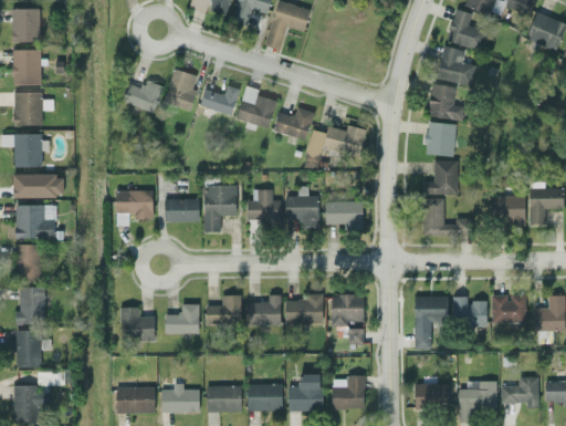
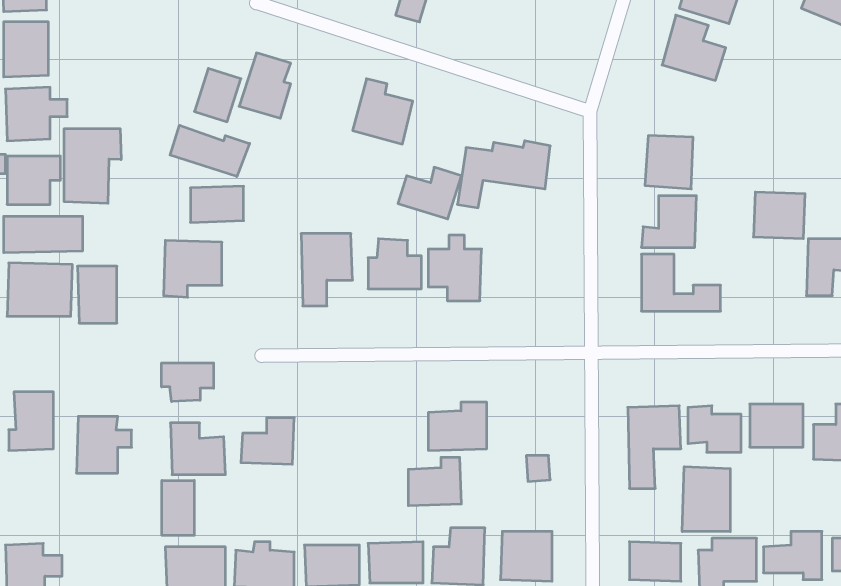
building: [199,85,240,116] -> none
building: [429,85,463,120] -> none
building: [273,107,314,141] -> [398,167,462,219]
building: none -> [170,125,250,177]
building: none -> [64,129,121,203]
building: [492,195,525,225] -> [753,192,805,239]
building: [165,199,199,222] -> [190,186,244,222]
building: [325,201,363,231] -> none
building: [15,245,41,281] -> [77,266,117,323]
building: none -> [162,363,214,402]
building: [331,294,364,326] -> none
building: [206,295,241,325] -> none
building: [247,295,281,326] -> [408,457,461,506]
building: [14,331,50,367] -> [76,416,132,473]
building: none -> [682,467,730,532]
building: none -> [162,480,194,535]

